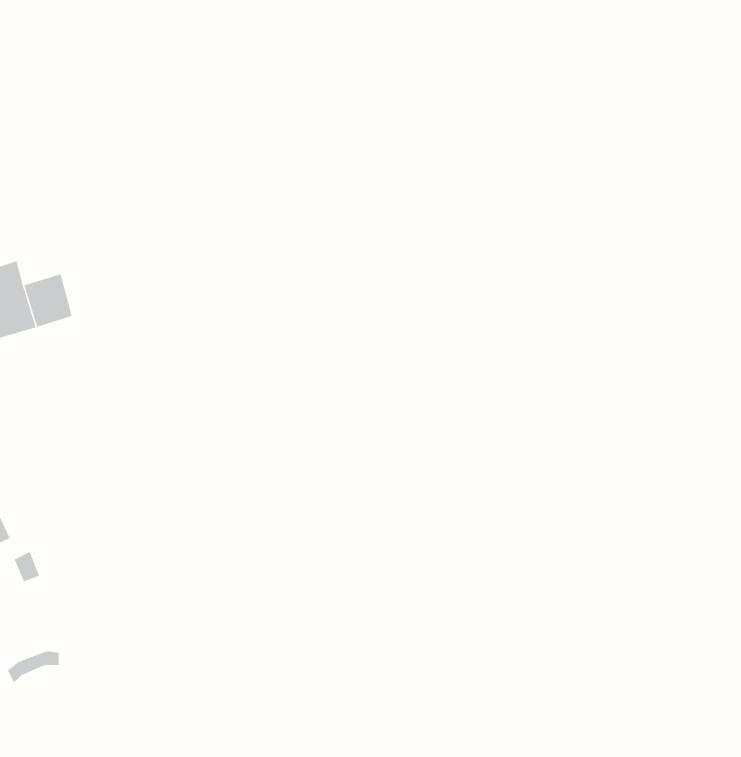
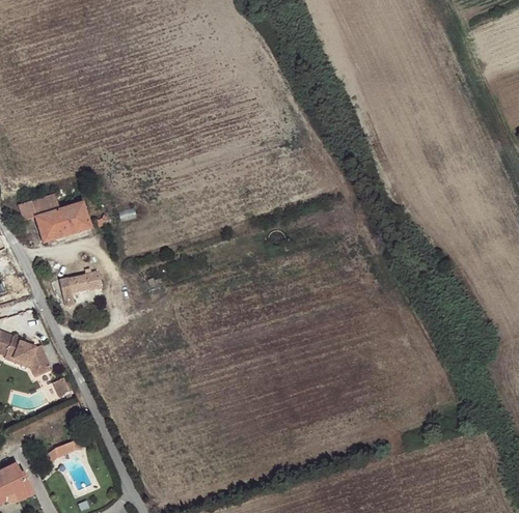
building: none -> [60,270,102,306]

